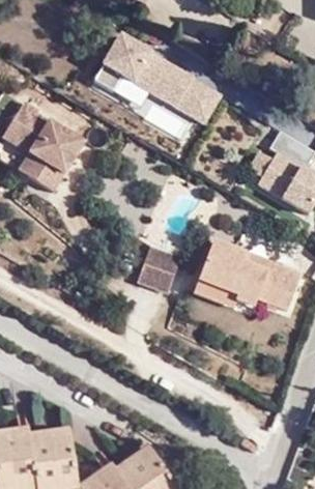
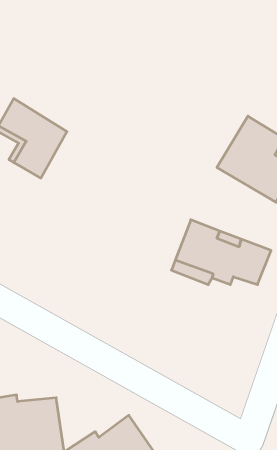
building: [88,38,223,127] -> none
building: [138,249,180,293] -> none

